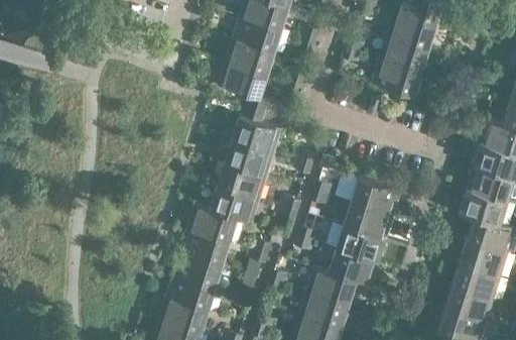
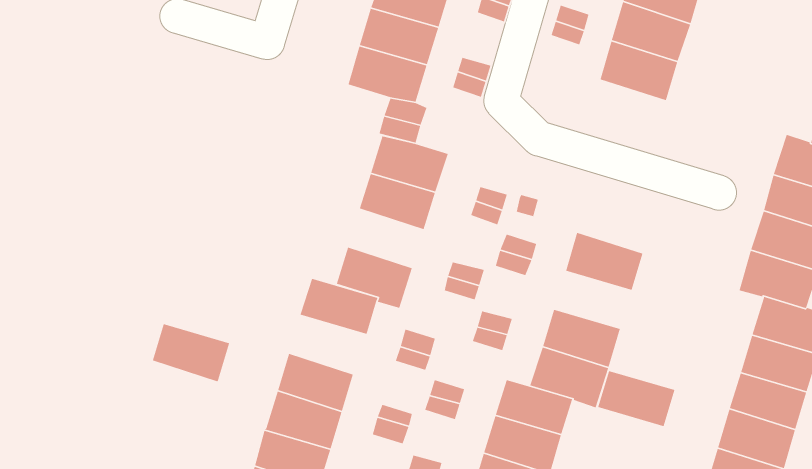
building: [219,162,266,199] -> none
building: [346,201,394,236] -> [597,370,676,427]
building: [182,228,231,264] -> [152,323,230,382]

